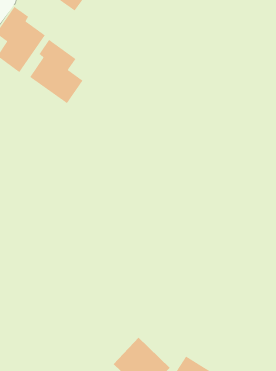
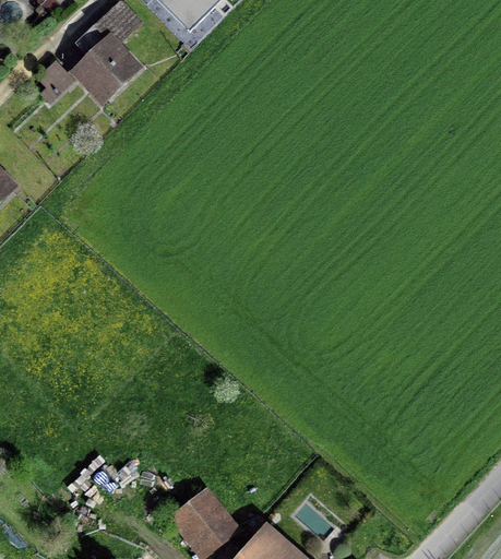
building: [29,39,83,104] -> none

